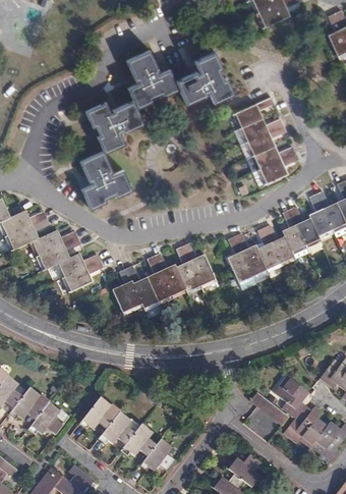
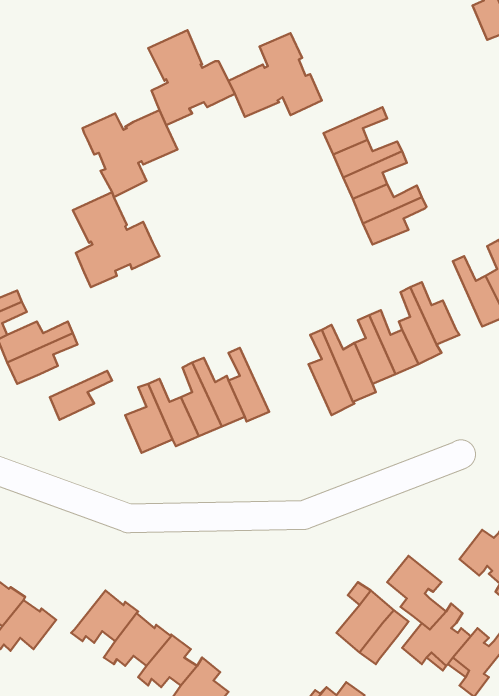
building: [308,193,332,235] -> none
building: [183,243,216,286] -> none
building: [59,254,101,277] -> none

